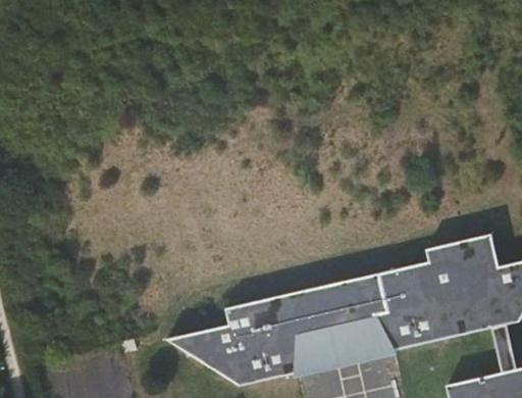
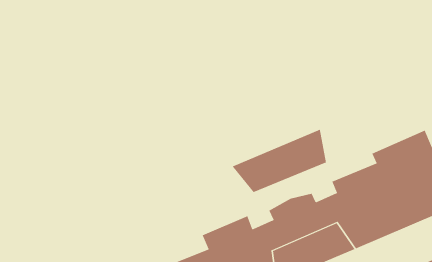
building: none -> [232,129,327,193]

